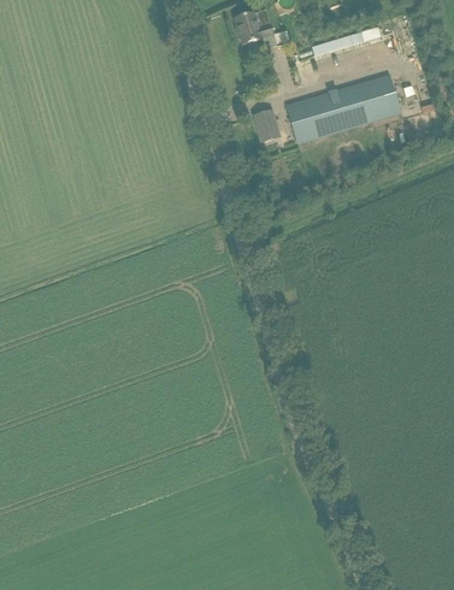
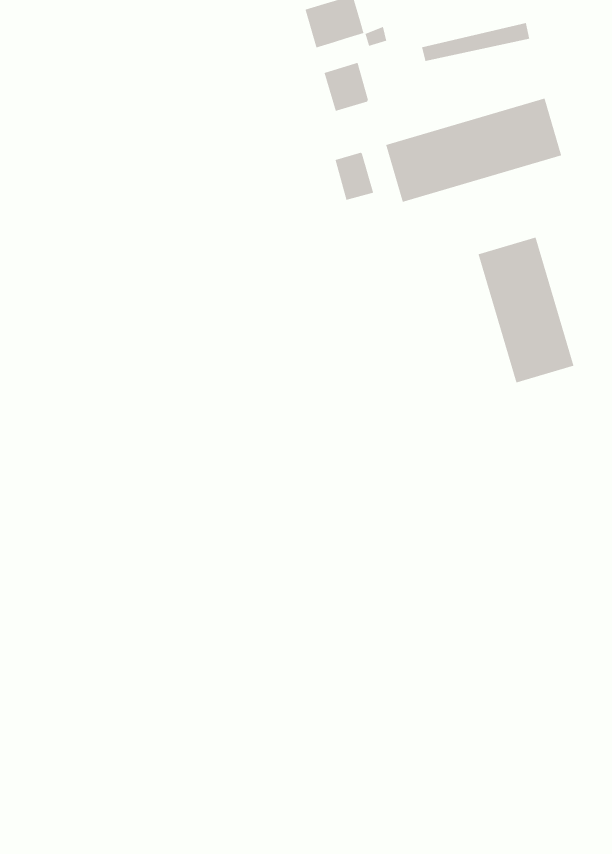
building: none -> [323,62,369,112]
building: none -> [478,237,574,384]

